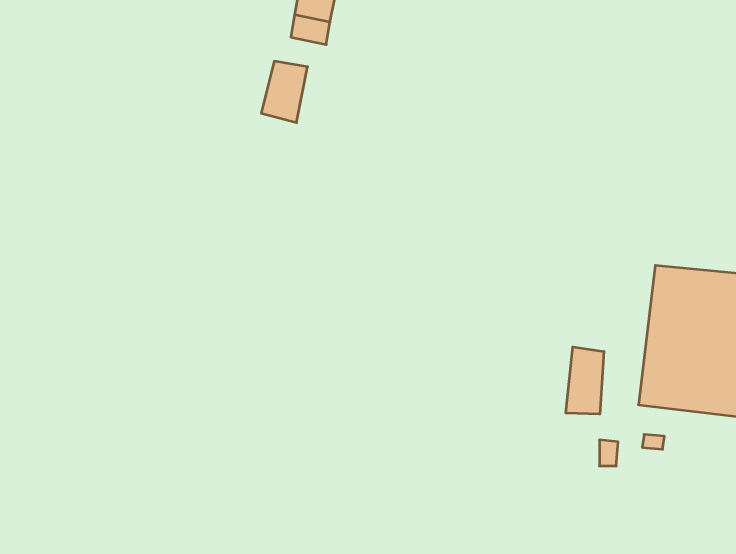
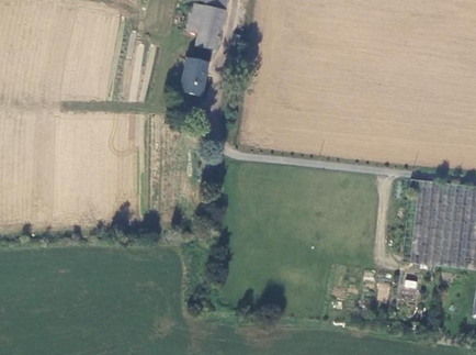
building: [566,347,604,414] -> none

